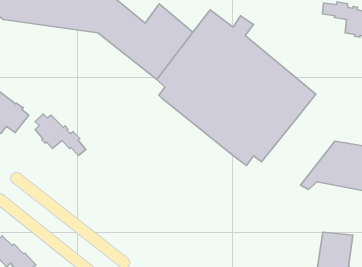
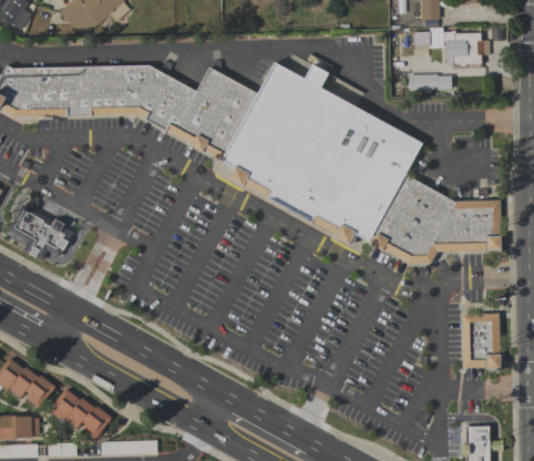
building: none -> [408,73,451,90]
building: [35,114,86,156] -> none
building: none -> [369,176,455,265]

